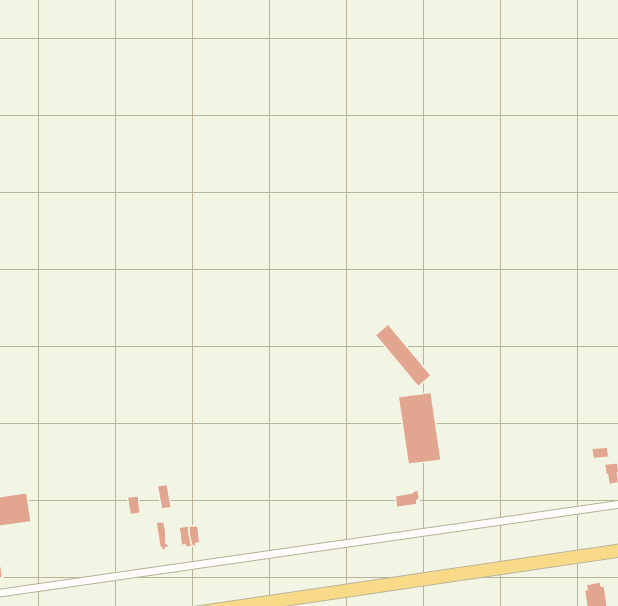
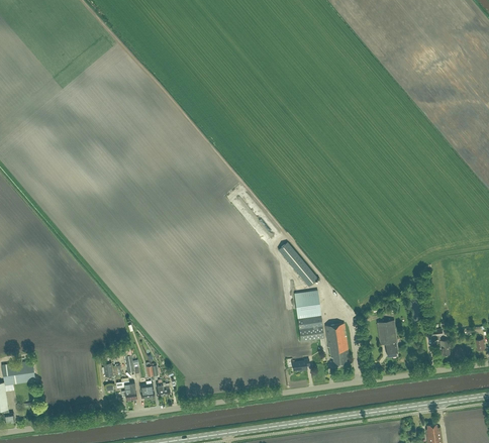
building: none -> [377,320,398,357]
building: none -> [325,324,349,365]

